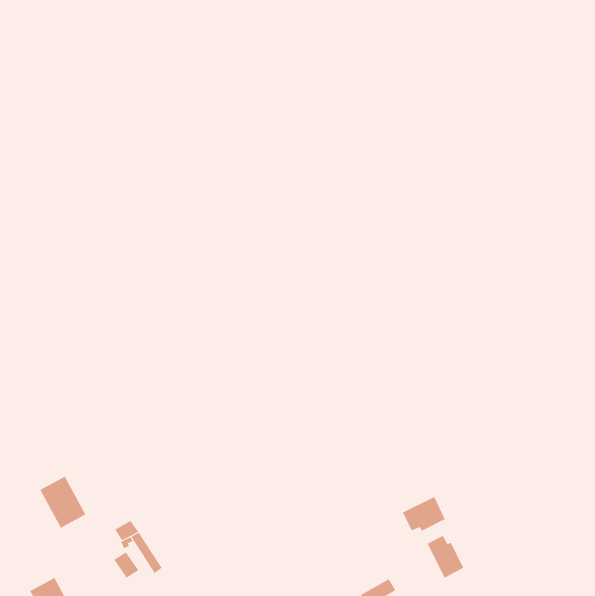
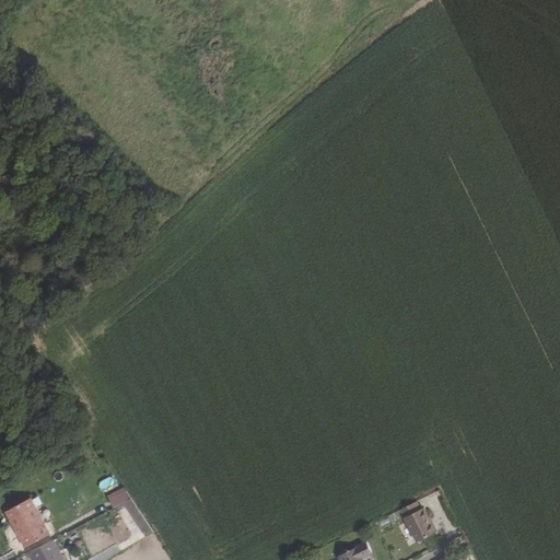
building: [40,476,86,528] -> [4,499,48,548]
building: [402,496,446,531] -> none

